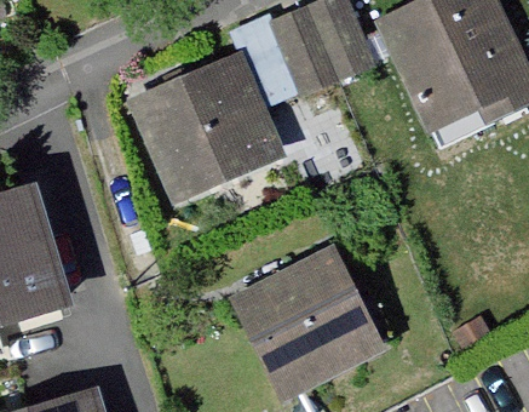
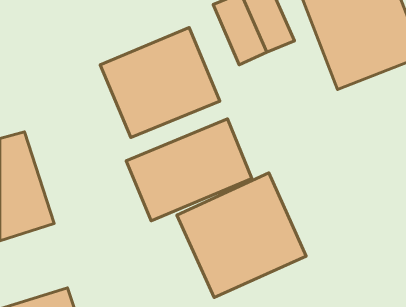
building: none -> [126,119,252,221]

